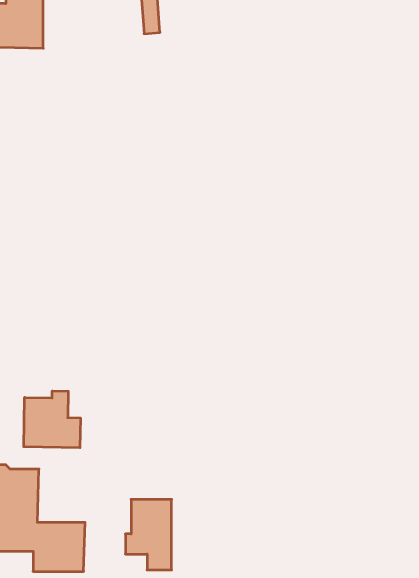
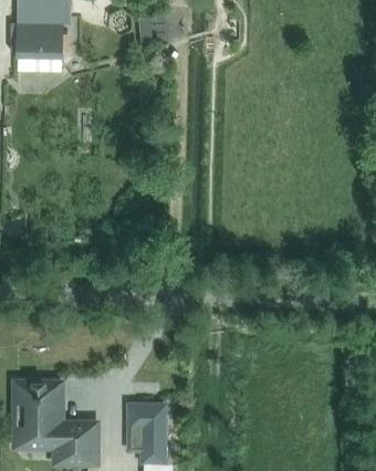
building: [24,391,80,448] -> none

